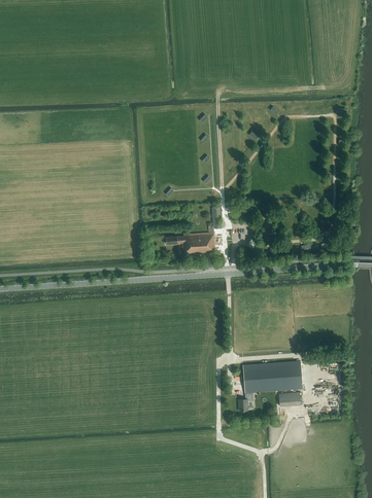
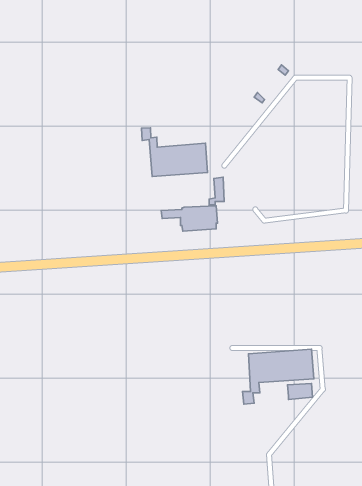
building: none -> [141,128,208,177]

